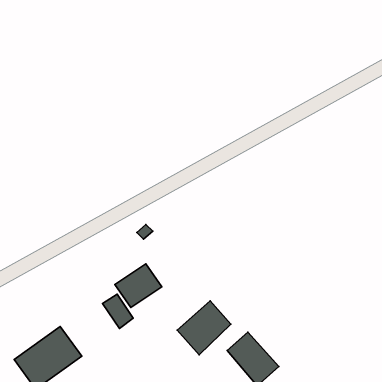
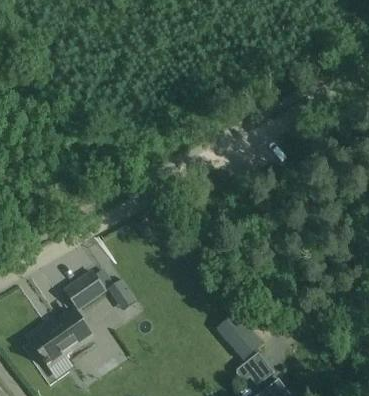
building: [115,264,162,307] -> [65,271,106,309]
building: [177,301,231,355] -> none

